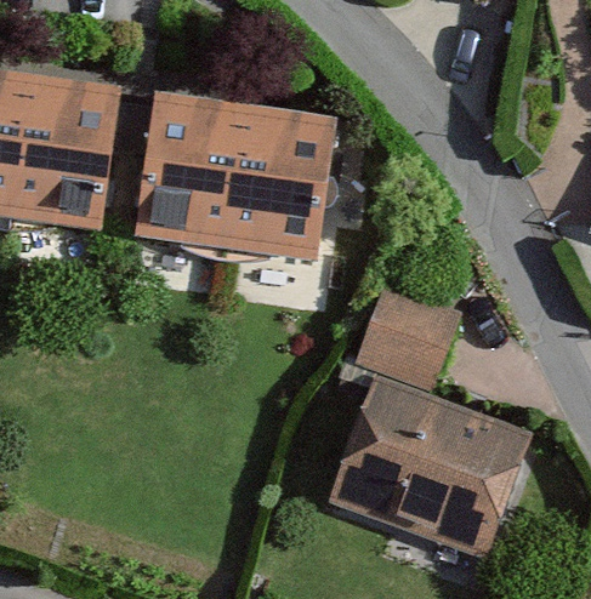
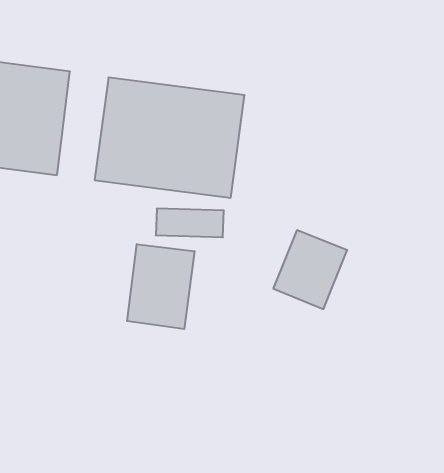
building: none -> [127,244,194,329]
building: [336,386,527,555] -> none

